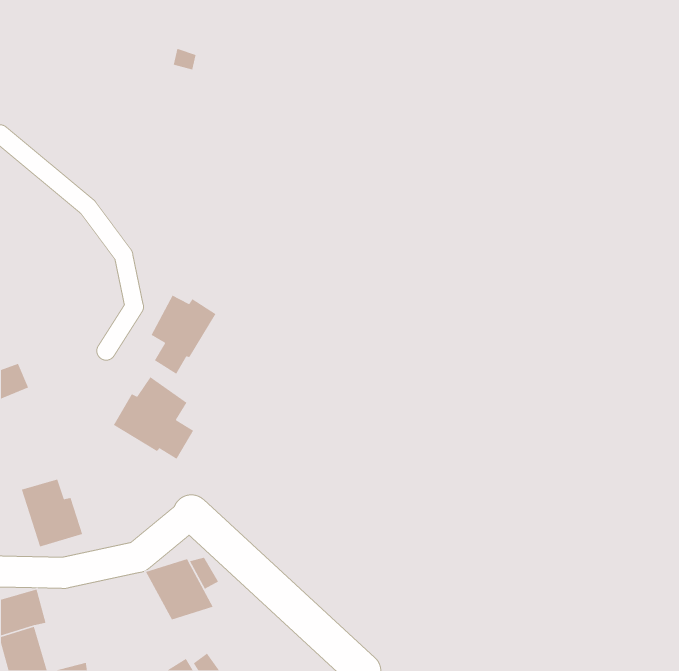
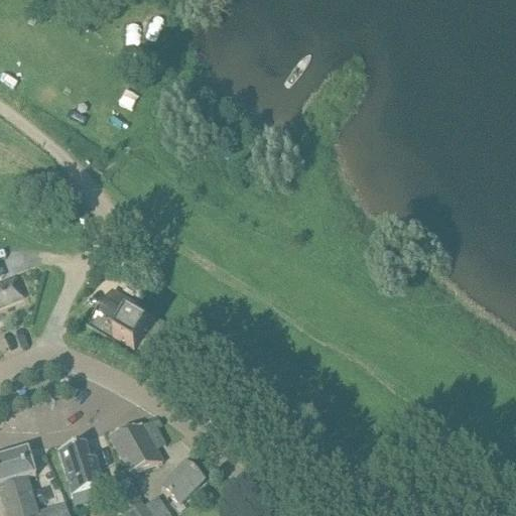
building: [151,294,216,375] -> none
building: [21,479,83,548] -> [57,440,105,493]
building: none -> [161,460,204,502]

